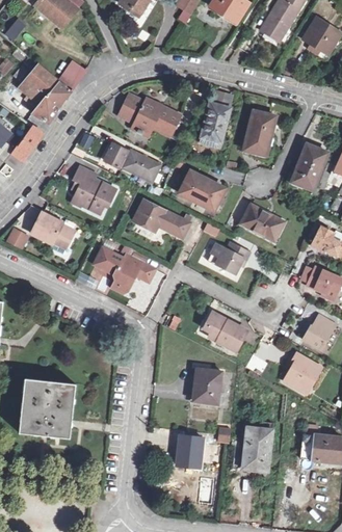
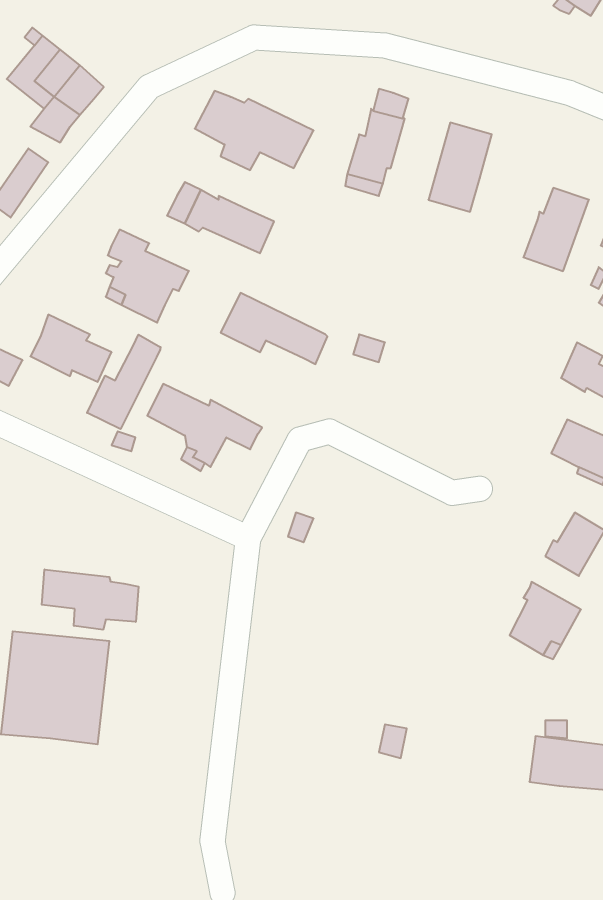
building: [57,60,86,91] -> none
building: [181,172,223,210] -> none
building: [243,206,286,238] -> none
building: none -> [87,335,161,429]
building: [207,243,248,274] -> none
building: [205,313,246,351] -> none
building: none -> [42,569,139,630]
building: [188,368,217,401] -> none
building: [237,426,266,468] -> none
building: [173,434,199,467] -> none

